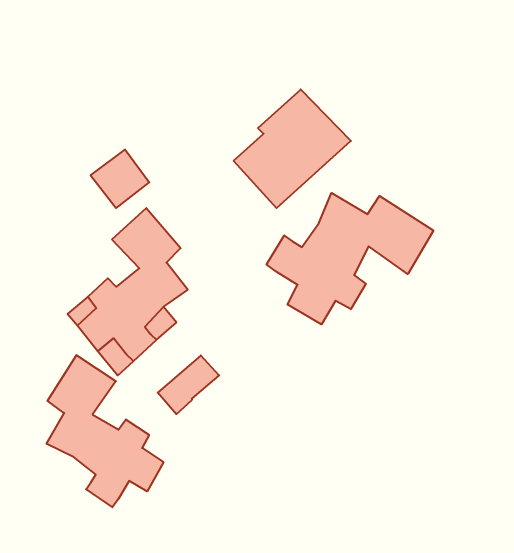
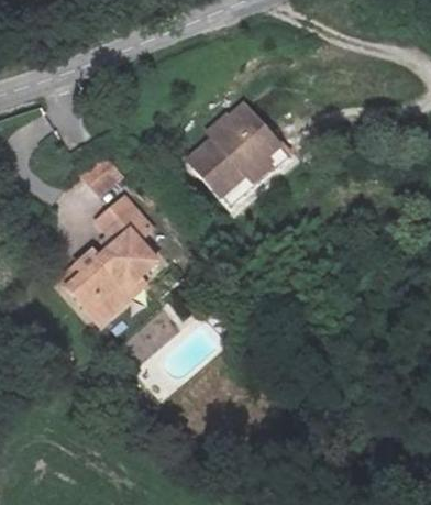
building: [267,193,433,324] -> none
building: [47,355,163,507] -> none

